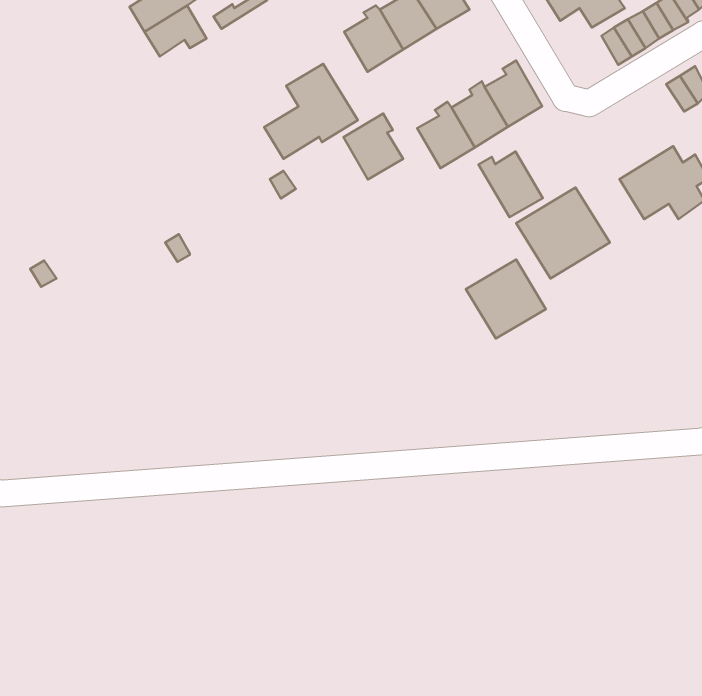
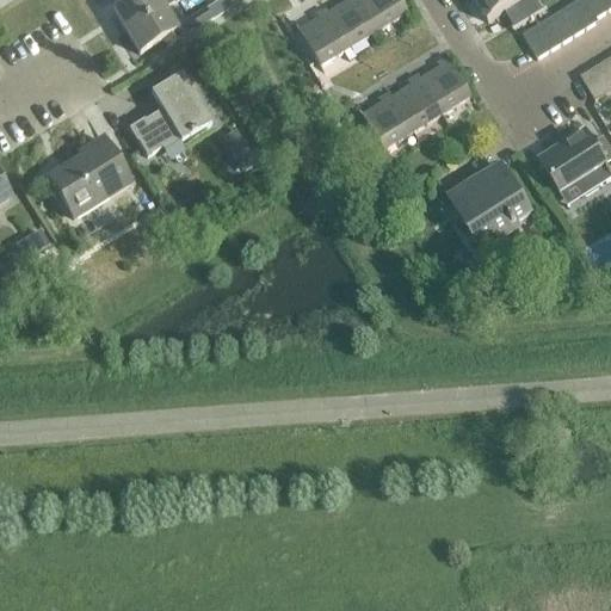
building: [264,64,358,159] -> [130,70,211,153]
building: [343,113,403,180] -> none
building: [478,152,543,217] -> none
building: none -> [49,136,130,215]
building: [466,260,546,338] -> none

